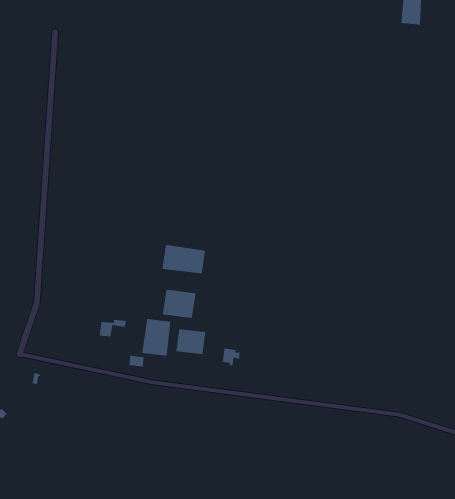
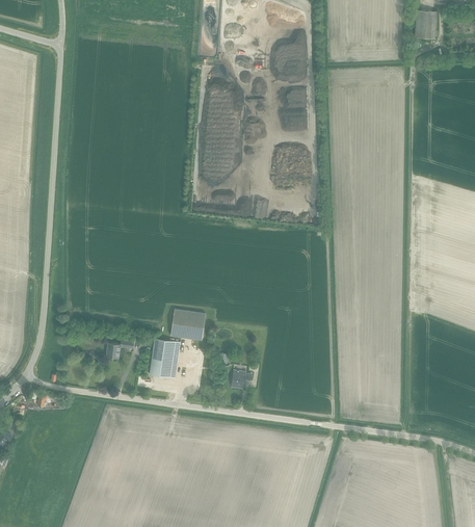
building: [162,245,205,274] -> none
building: [176,329,206,355] -> none

